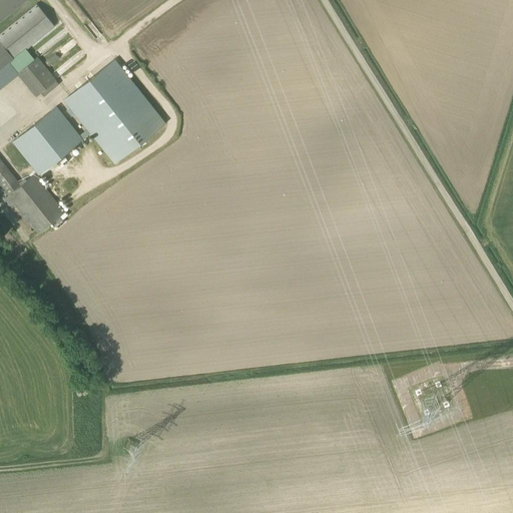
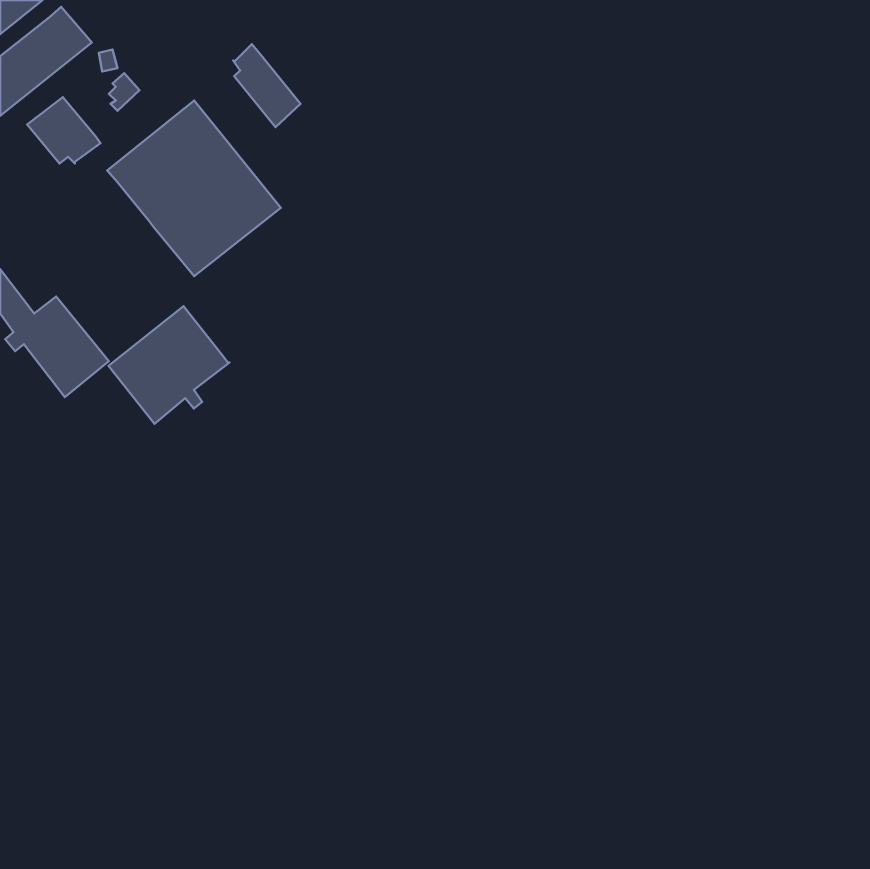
building: none -> [233,44,301,127]
building: [12,107,83,176] -> [109,306,230,424]

